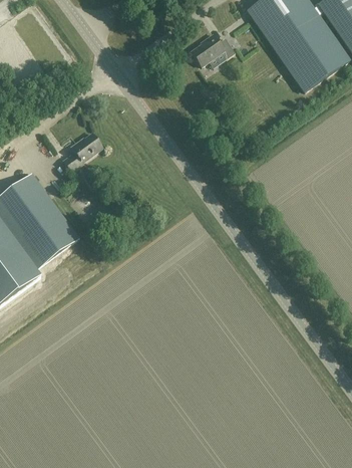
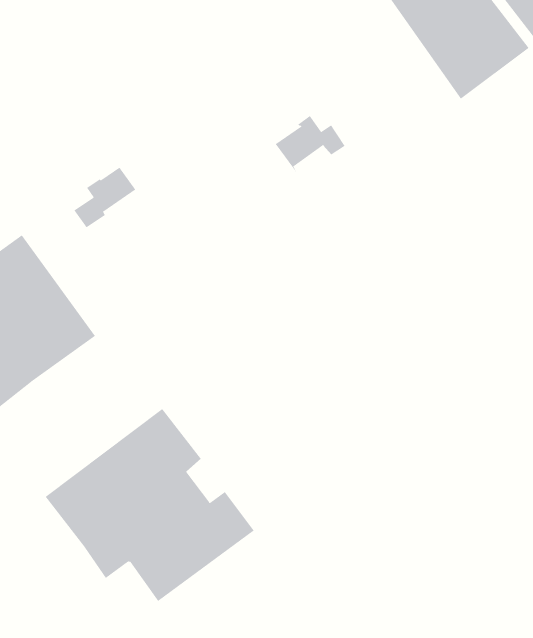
building: [191,33,235,70] -> [275,115,345,175]
building: none -> [45,408,255,602]

